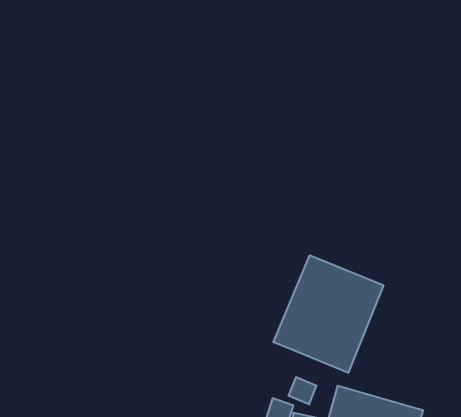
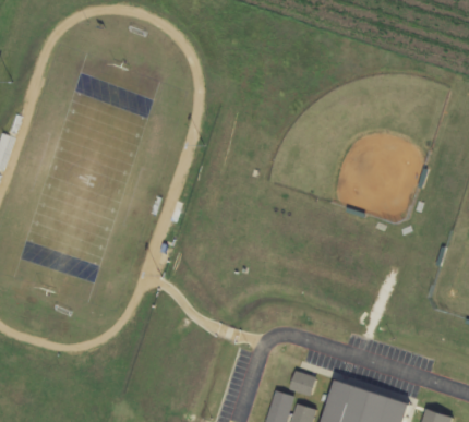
building: [273,255,383,373] -> none

